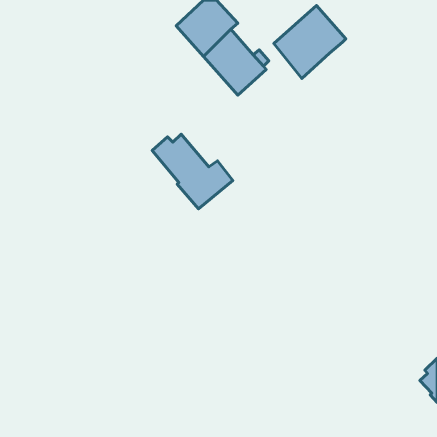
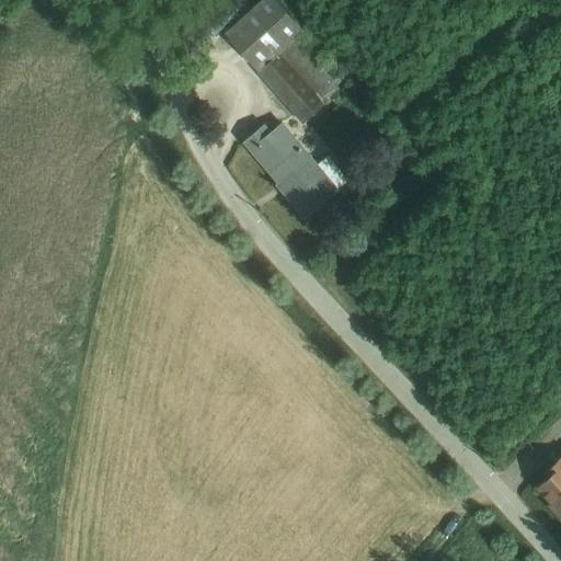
building: [274,5,346,79] -> none
building: [152,134,233,209] -> [244,123,347,218]

